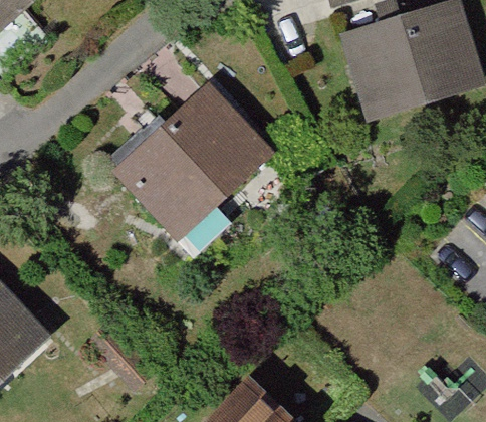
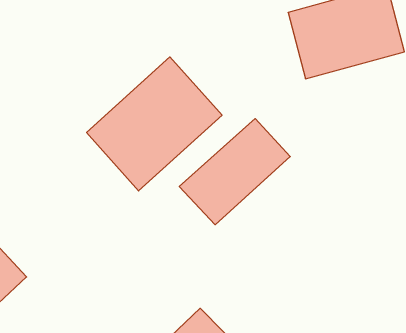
building: none -> [179,119,290,225]

